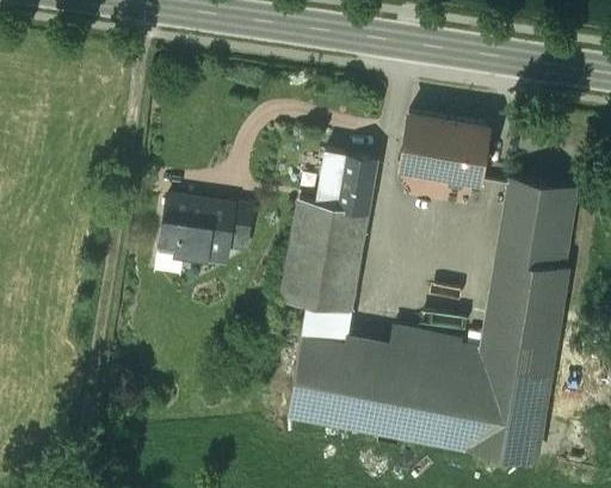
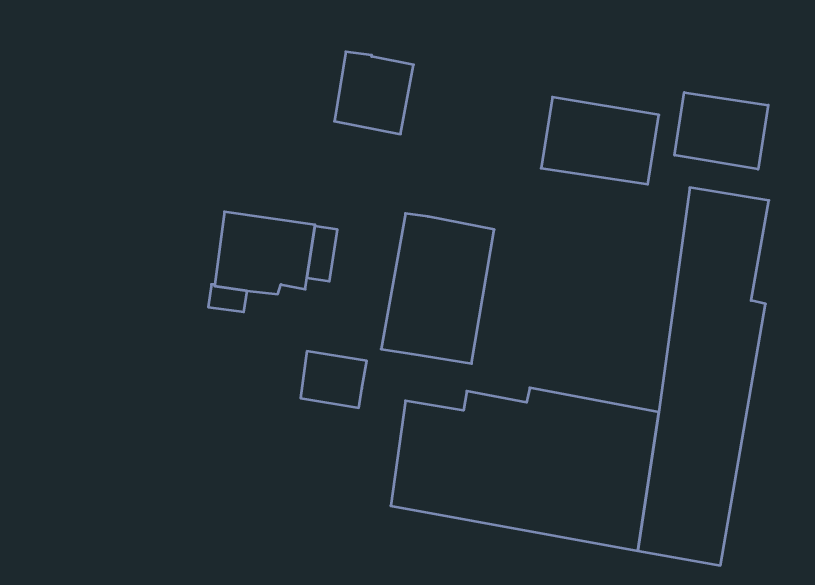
building: none -> [675,92,768,169]
building: [317,153,376,214] -> [334,52,414,134]
building: [301,305,350,347] -> [301,351,367,408]

